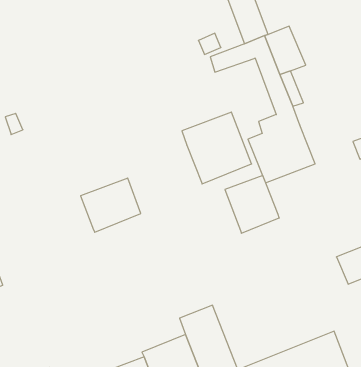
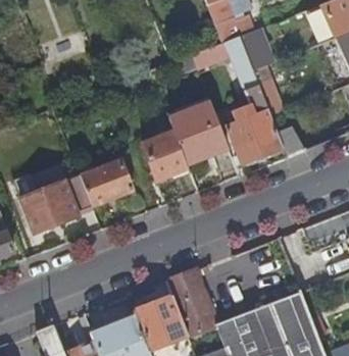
building: [225,176,279,233] -> [140,130,187,180]
building: none -> [20,173,92,233]

